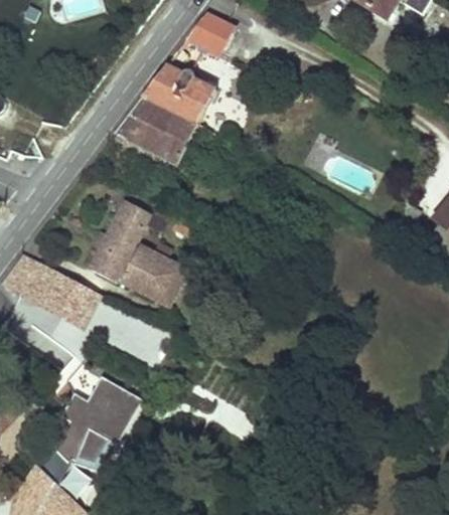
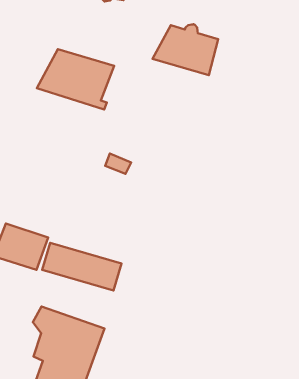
building: [141,65,213,125] -> [153,24,218,75]
building: [89,202,186,307] -> none

